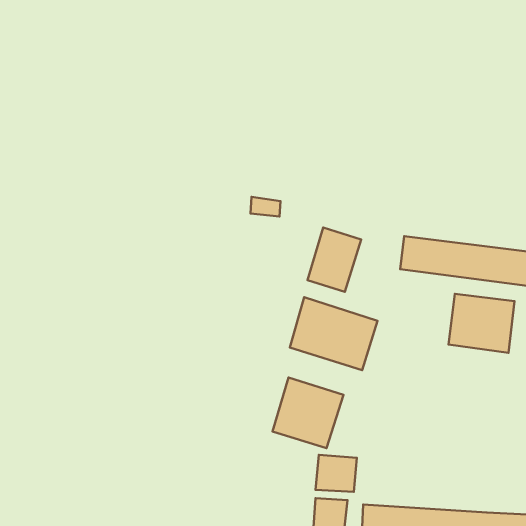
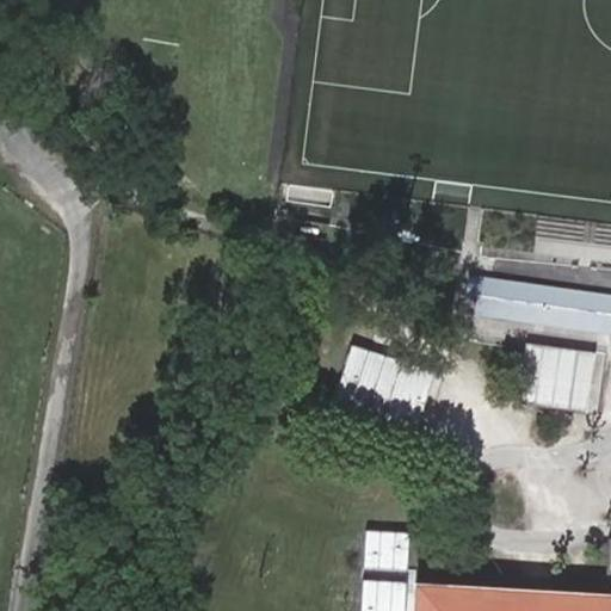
building: [308,228,361,292] -> none
building: [273,377,343,448] -> none

